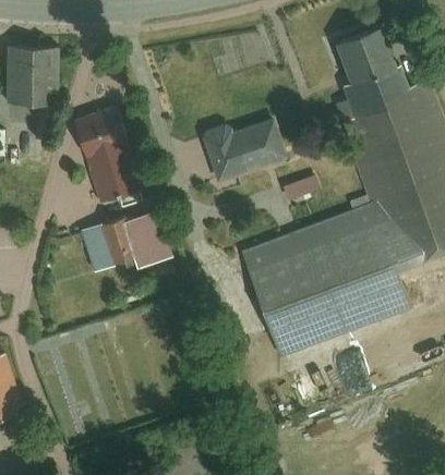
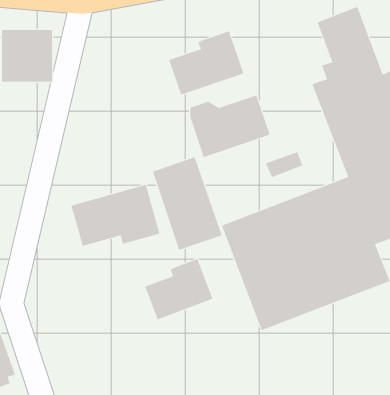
building: none -> [169,31,244,96]
building: [73,108,146,205] -> [152,157,223,250]
building: none -> [145,258,213,320]

